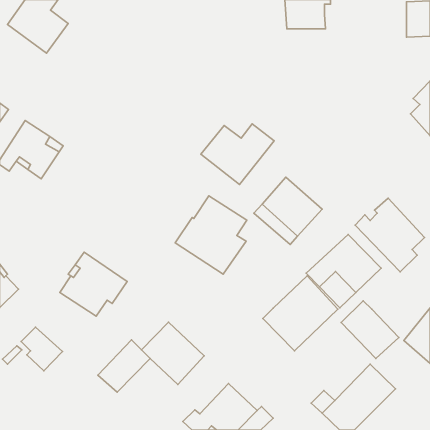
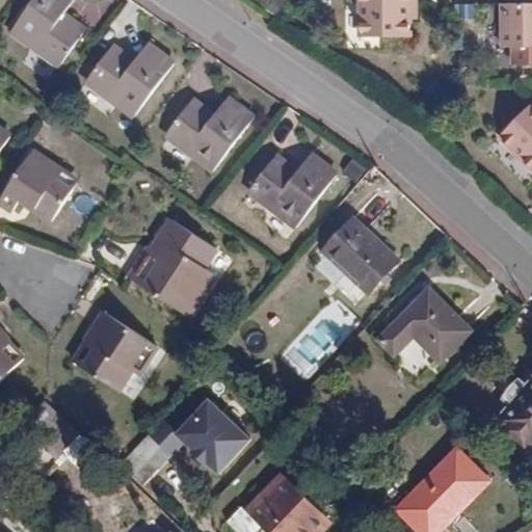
building: none -> [84,42,175,117]
building: none -> [163,97,252,171]
building: [175,196,247,274] -> [128,218,216,315]
building: [355,198,425,272] -> none
building: [263,276,338,351] -> none
building: [341,301,399,358] -> none

